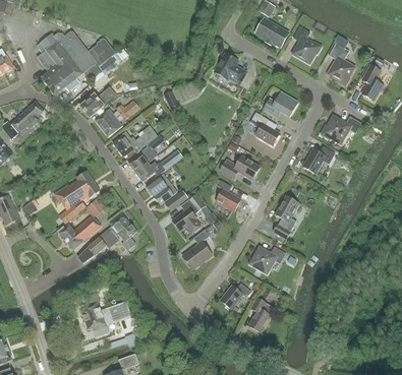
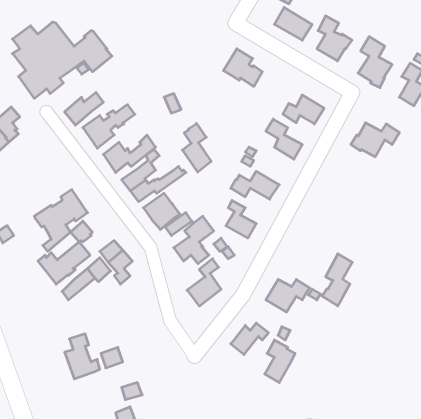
building: none -> [182,123,211,172]
building: [303,145,335,173] -> none
building: [273,195,298,239] -> [322,254,352,306]

